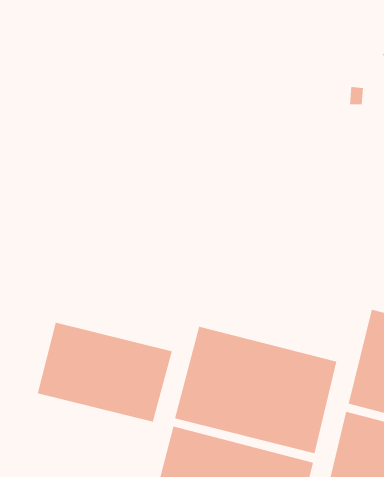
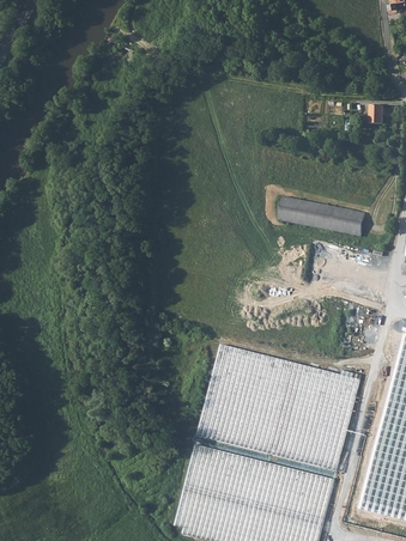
building: none -> [278,195,365,235]
building: [37,322,172,423] -> none

